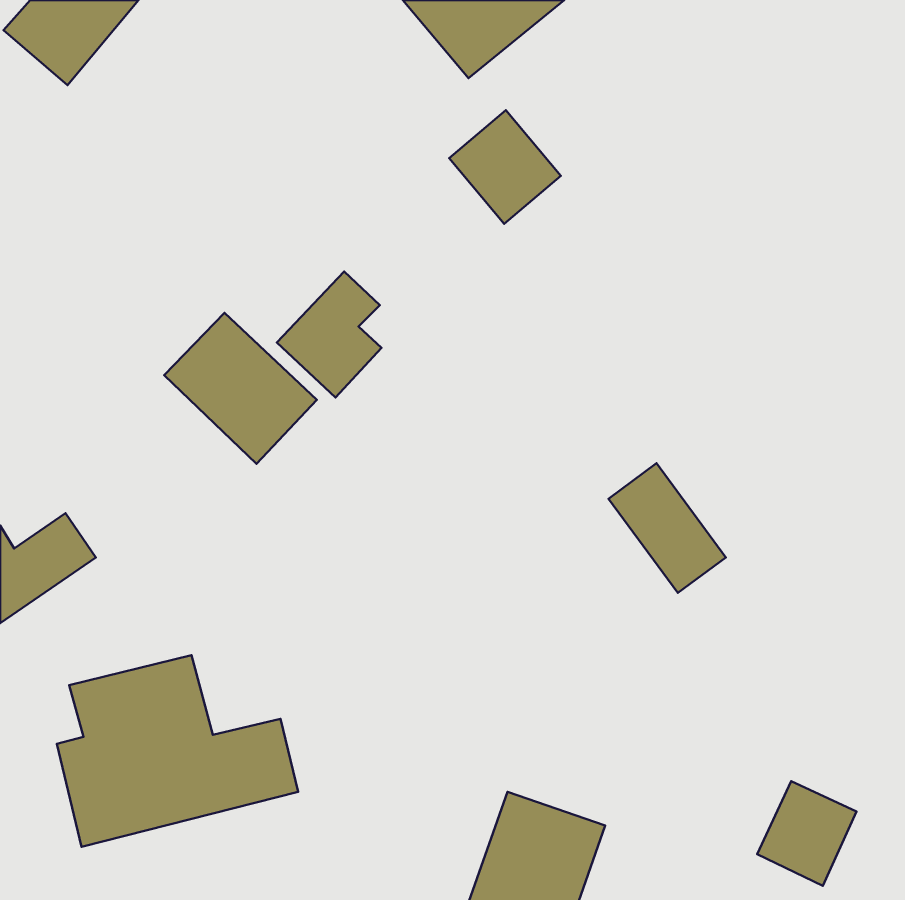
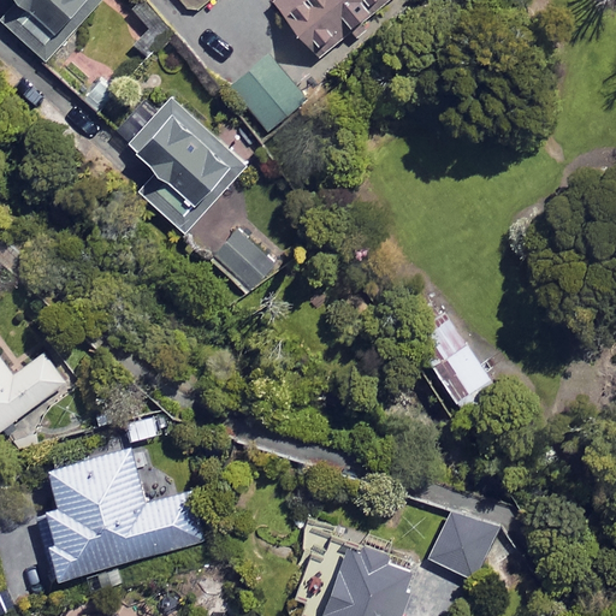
building: [449,110,561,224] -> [231,57,307,134]
building: [164,313,317,464] -> [128,100,231,202]
building: [757,781,857,886] -> [431,511,498,582]

